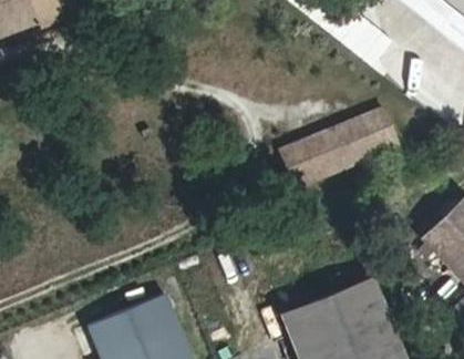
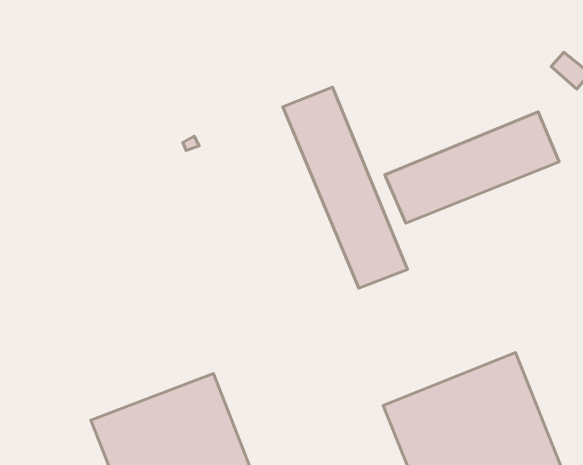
building: none -> [283,87,407,288]

